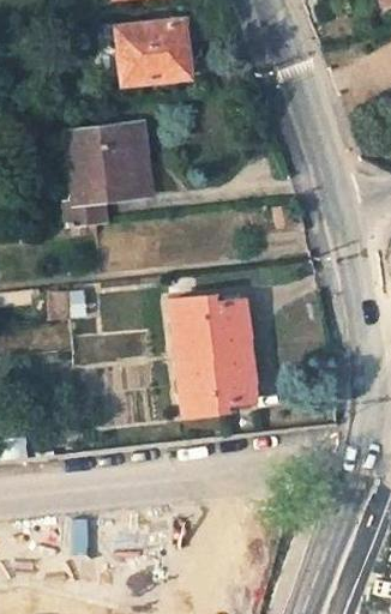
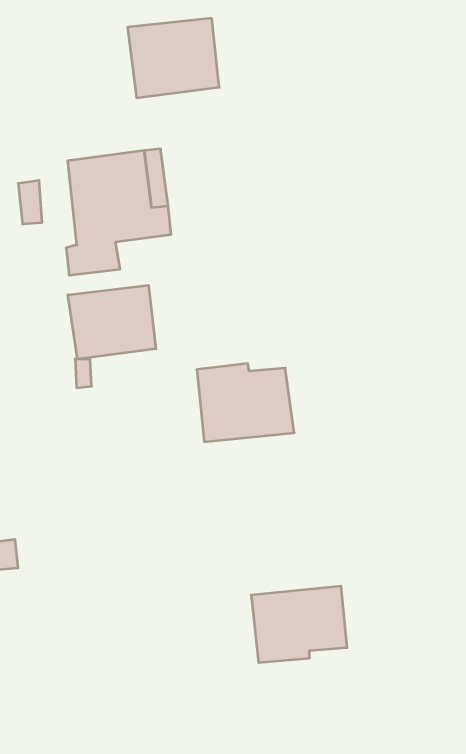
building: none -> [68,285,156,359]
building: [180,353,257,414] -> [251,586,347,663]

